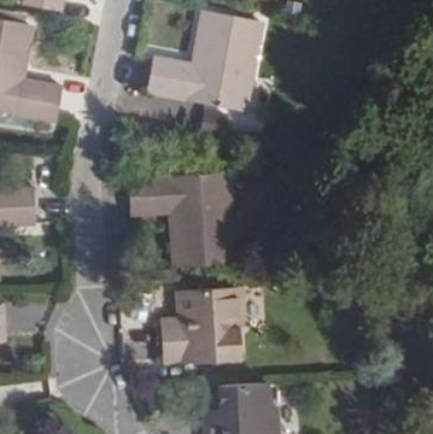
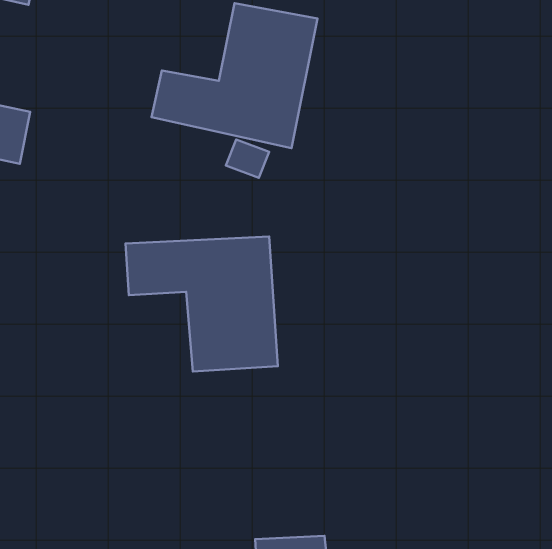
building: [162,288,242,365] -> none

